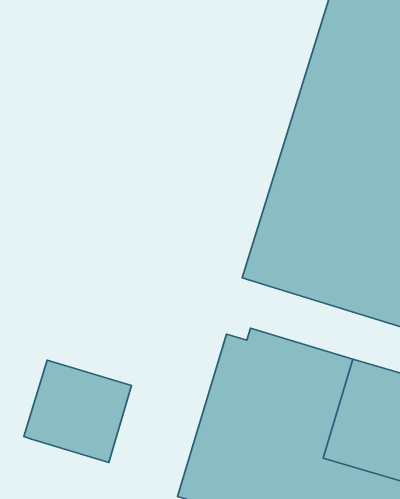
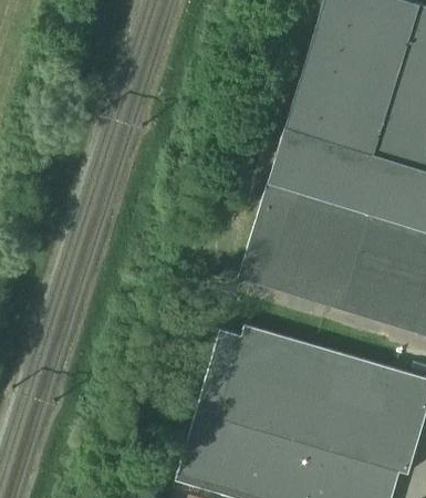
building: [24,360,131,462] -> none

